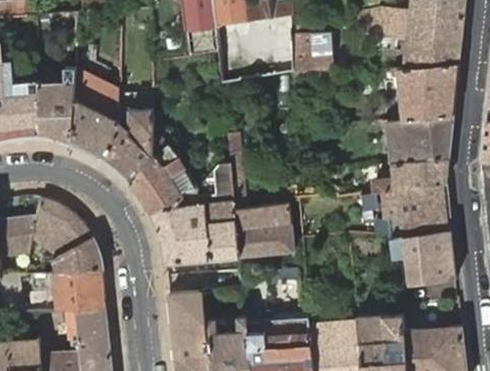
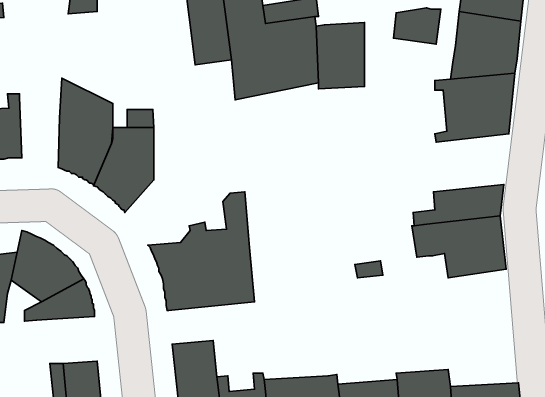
building: [38,68,74,143] -> none
building: [384,115,452,164] -> none
building: [127,130,195,209] -> none
building: [227,138,290,257] -> none
building: [391,230,455,285] -> none
building: [52,270,104,311] -> none

